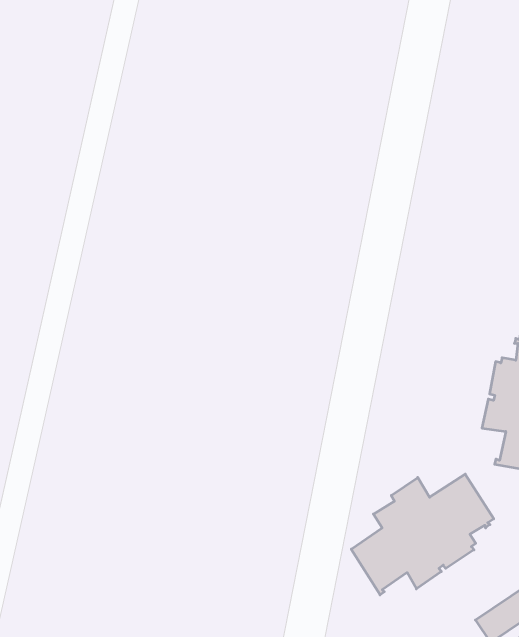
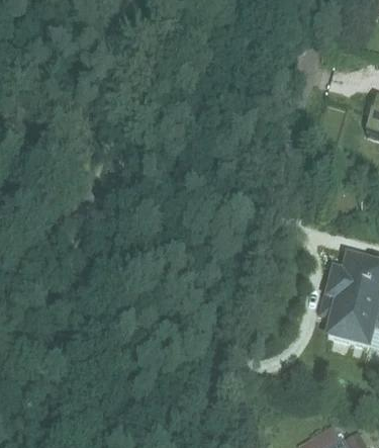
building: [351,474,494,595] -> none

